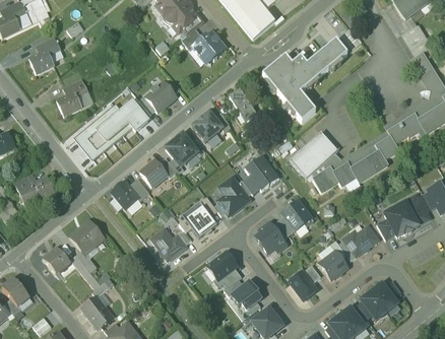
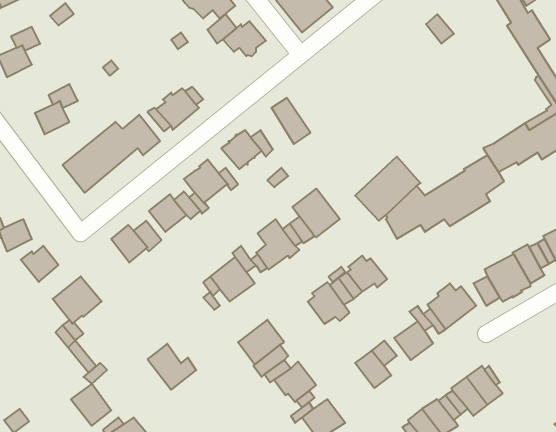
building: [261,40,347,122] -> none
building: [150,227,186,261] -> [148,344,196,390]
building: [43,247,70,273] -> [21,246,58,282]

